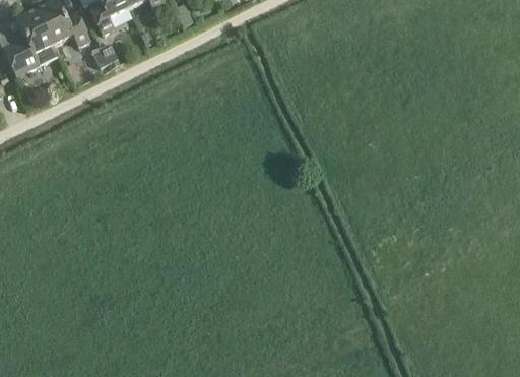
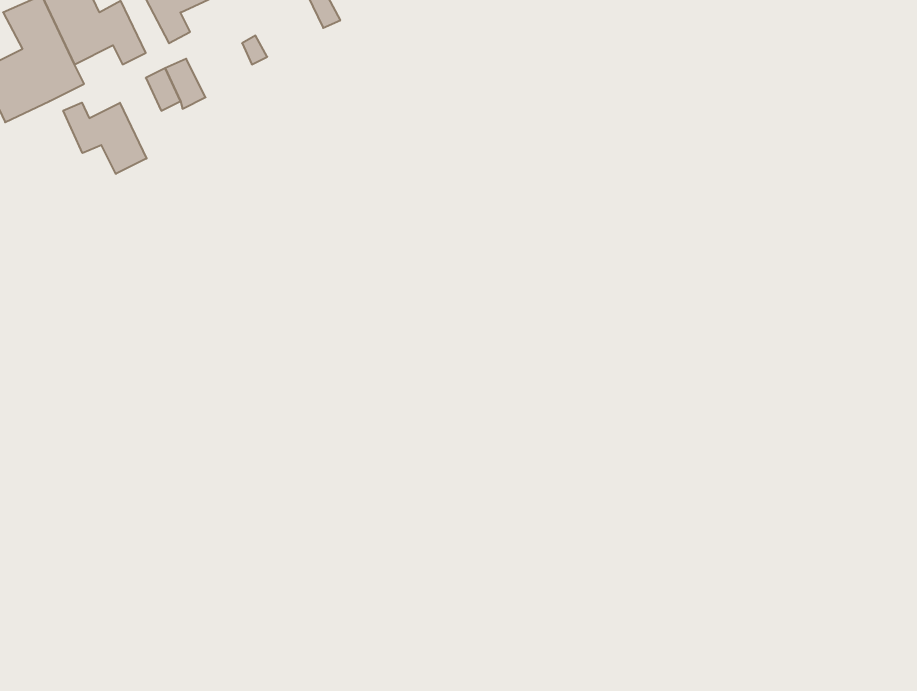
building: none -> [63,103,147,174]

